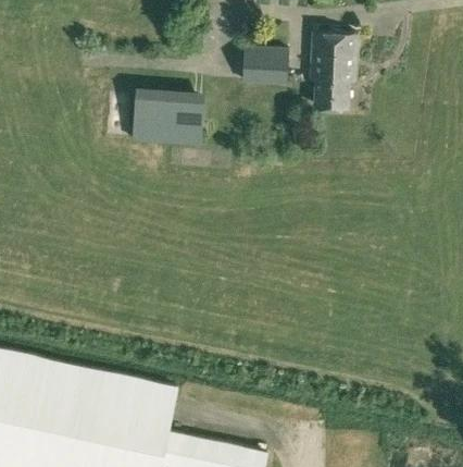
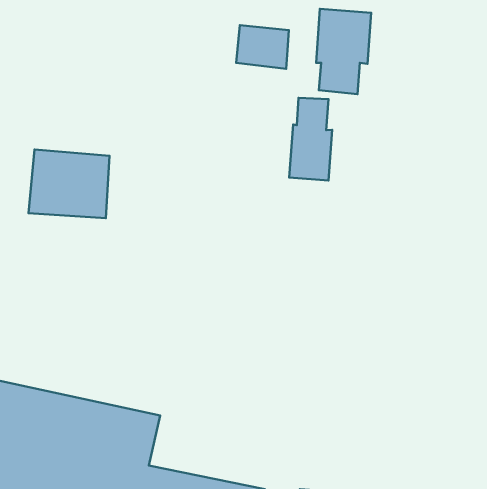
building: [133,86,203,146] -> [28,149,110,218]
building: none -> [289,98,332,180]

